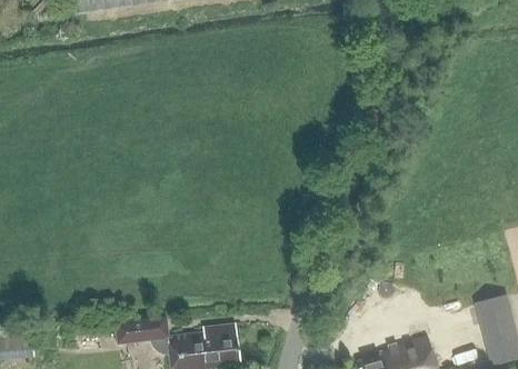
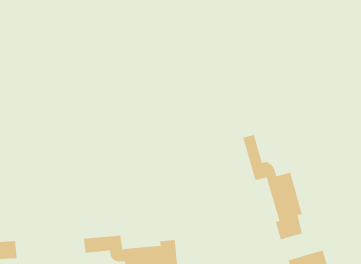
building: none -> [242,134,302,240]

